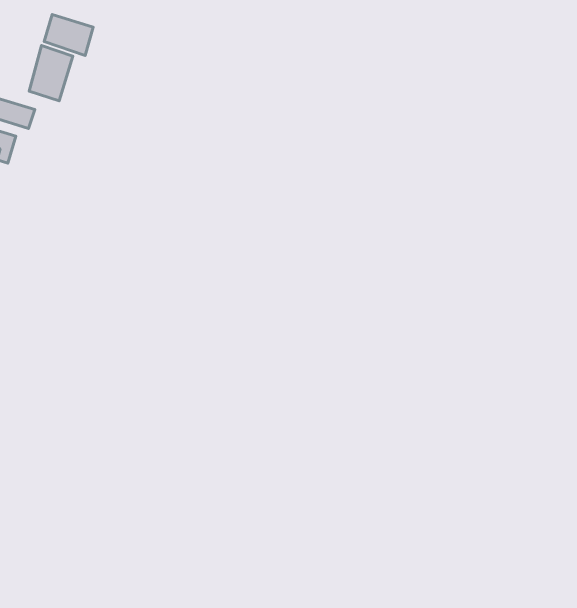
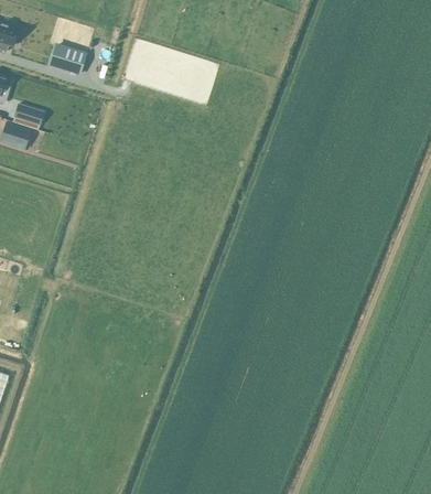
building: [29,46,73,101] -> none

